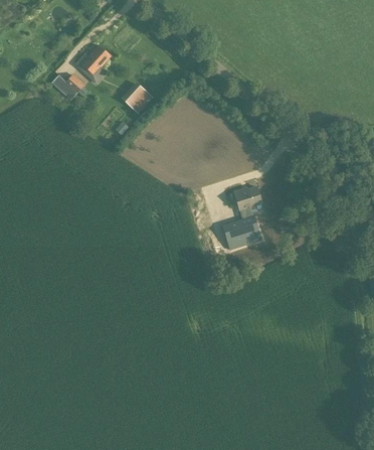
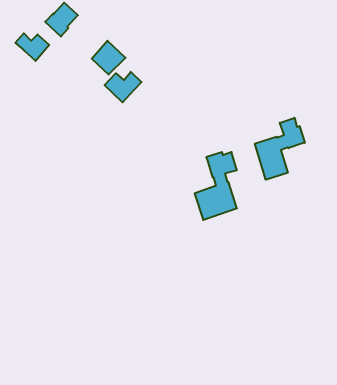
building: none -> [105,72,142,102]
building: none -> [255,118,305,180]

